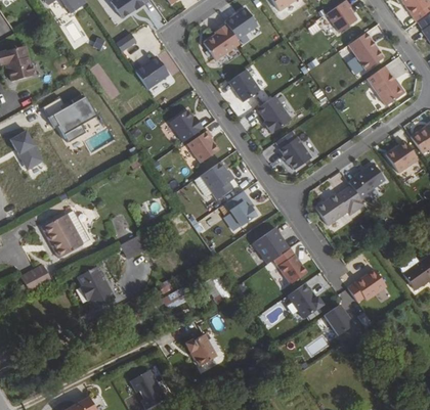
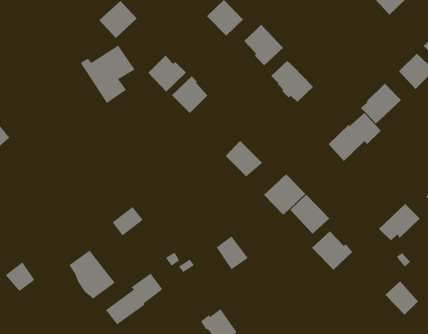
building: [48,92,95,141] -> [80,45,136,104]
building: [200,161,233,193] -> none
building: [41,213,82,257] -> none
building: none -> [105,273,163,325]
building: [324,304,352,334] -> [384,281,419,316]

